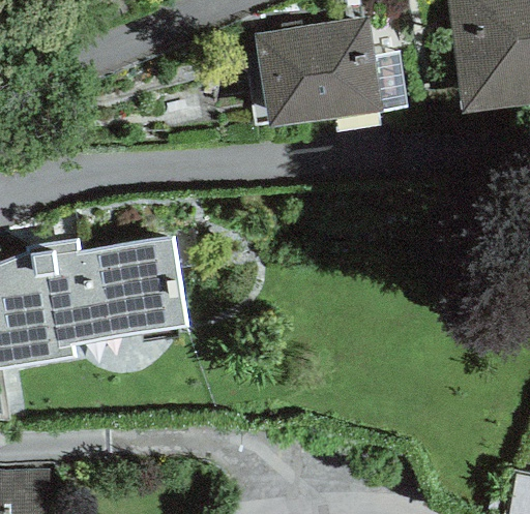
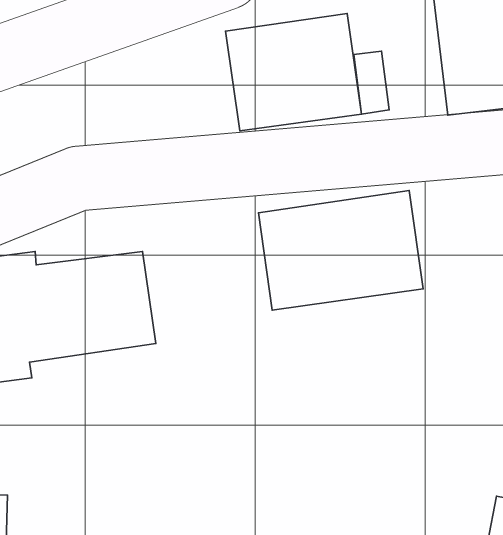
building: none -> [258,191,423,310]

